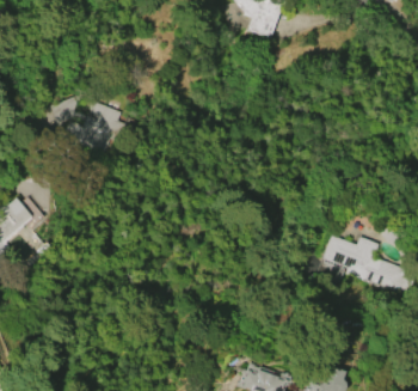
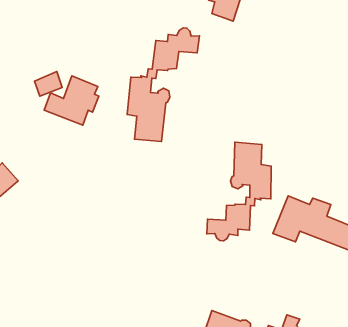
building: none -> [127,28,200,142]
building: none -> [207,142,271,241]

